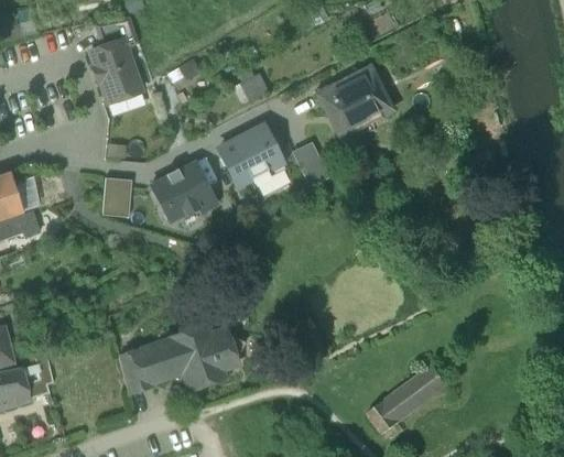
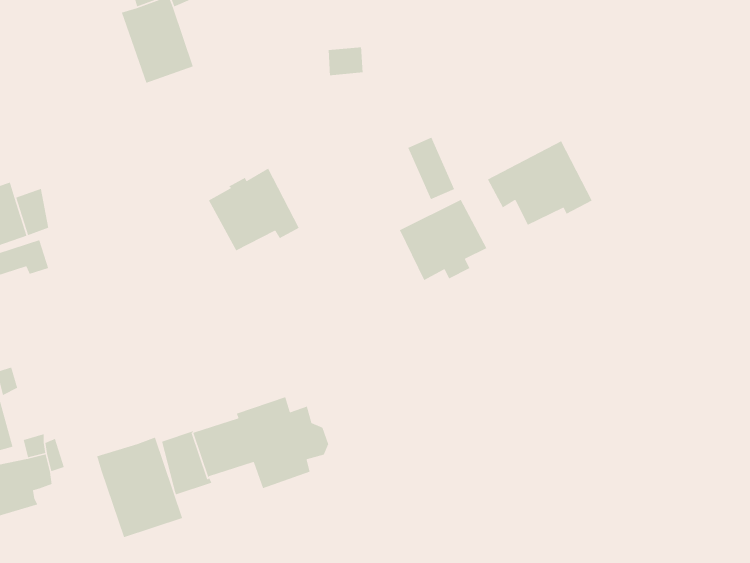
building: [318,66,393,127] -> [487,140,593,226]
building: [219,127,282,185] -> [399,199,488,281]
building: [104,177,132,217] -> none
building: none -> [96,436,183,538]
building: [367,364,448,434] -> none

